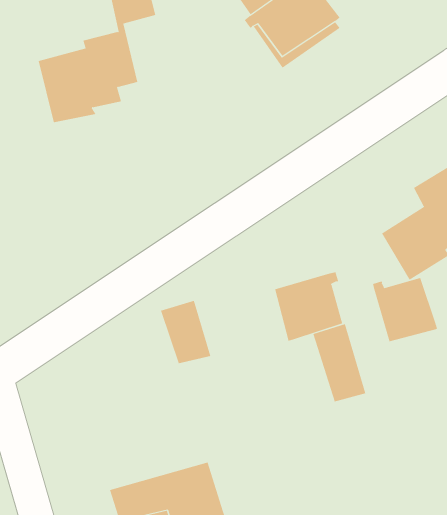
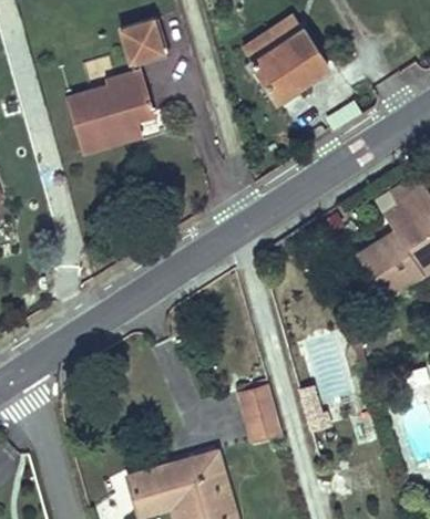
building: [274,271,343,341] -> none
building: [372,277,438,342] -> none
building: [160,300,211,364] -> [238,383,283,438]

